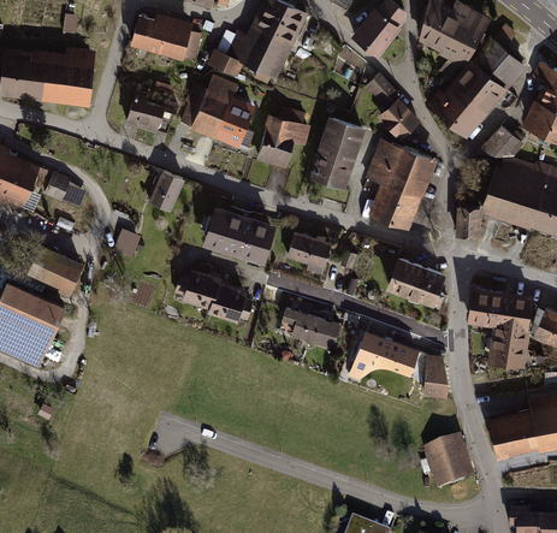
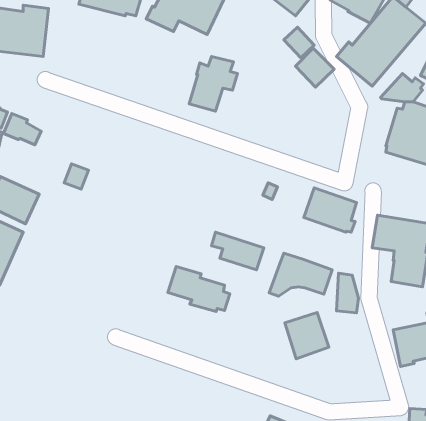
building: [180,75,256,148] -> none
building: [125,89,179,134] -> none
building: [310,116,367,191] -> none
building: [366,138,438,231] -> none
building: [148,170,185,212] -> none
building: [203,207,277,265] -> none
building: [455,207,482,239] -> none
building: [286,232,332,276] -> none
building: [183,270,254,321] -> [168,266,230,312]
building: [423,438,474,491] -> [285,312,329,359]

